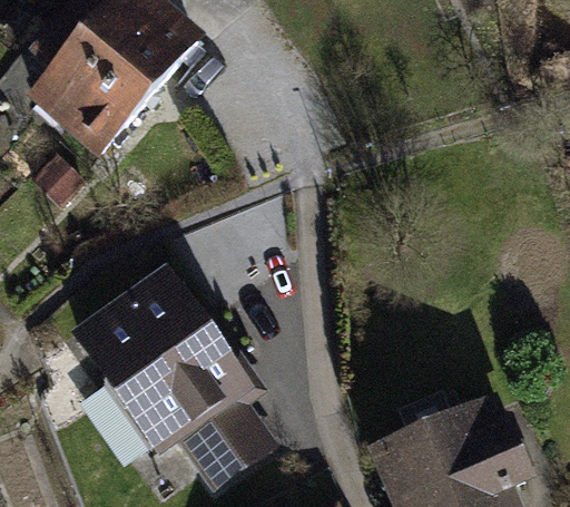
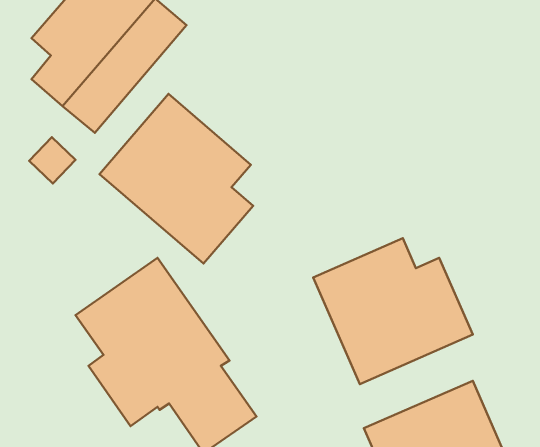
building: none -> [99,94,253,263]
building: none -> [313,238,473,384]

